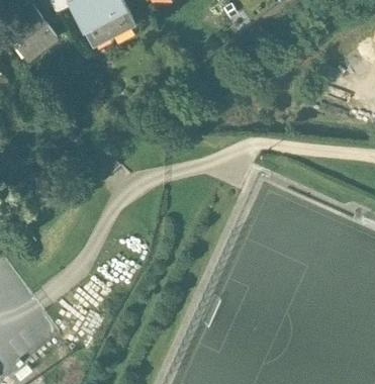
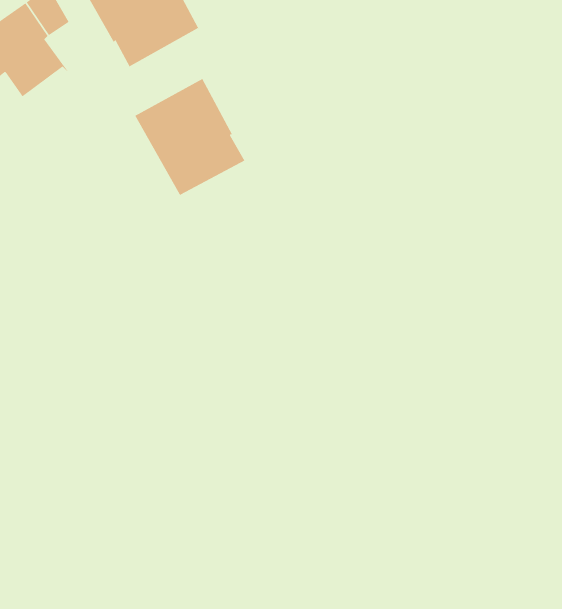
building: none -> [134,78,245,200]

